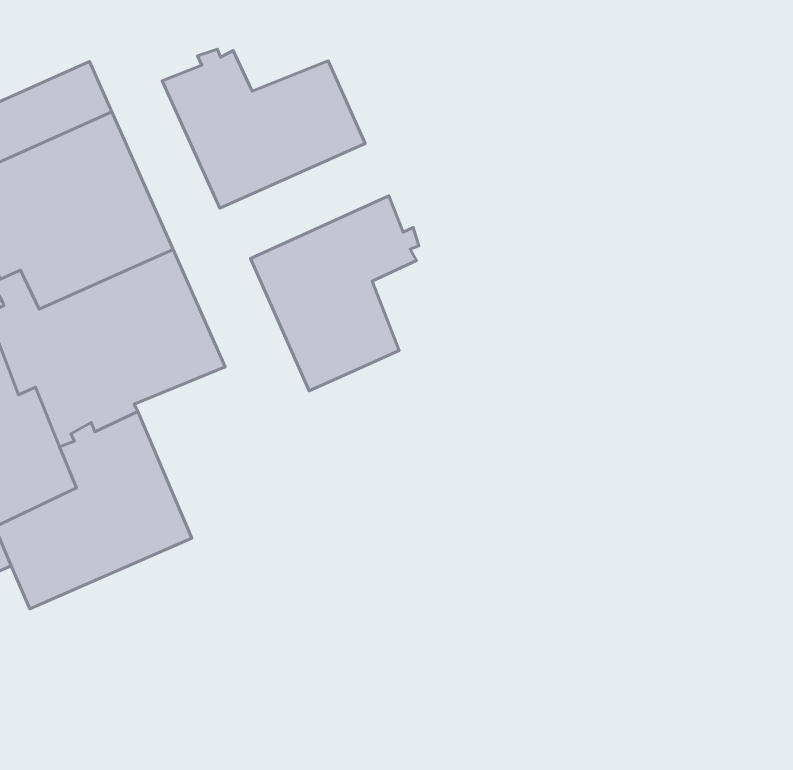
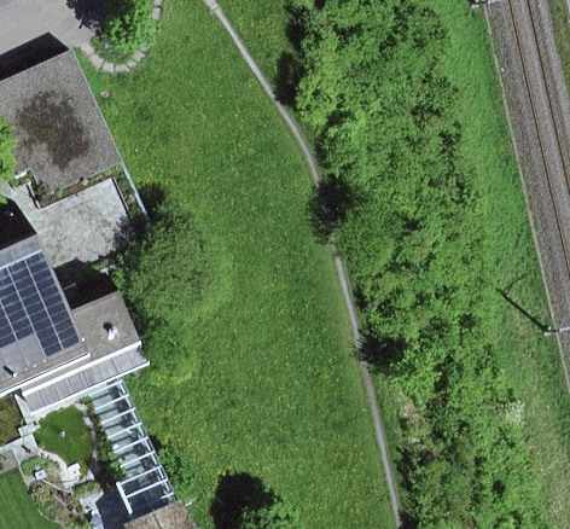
building: [162,49,365,208] -> none
building: [250,196,419,391] -> none

